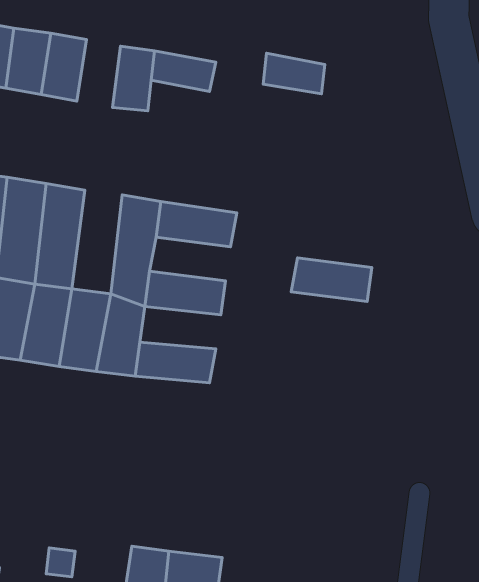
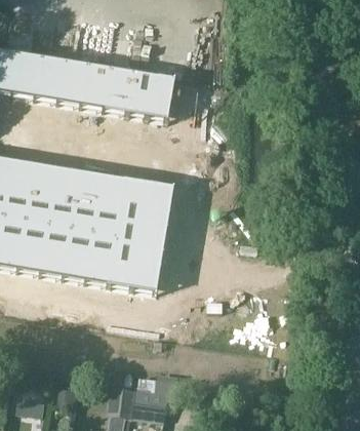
building: none -> [77,67,105,110]
building: [263,53,325,94] -> [122,92,161,118]
building: none -> [74,162,106,228]
building: [291,258,372,301] -> [123,192,174,220]
building: none -> [117,236,168,263]

